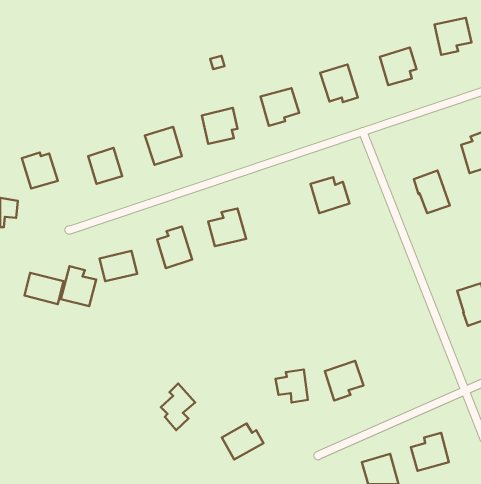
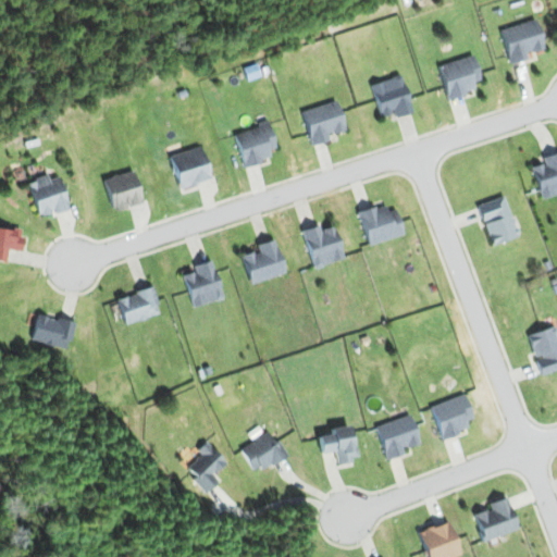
building: none -> [302,224,346,268]
building: [61,266,96,306] -> none
building: none -> [431,394,475,438]
building: [222,423,264,459] -> [242,432,289,473]

